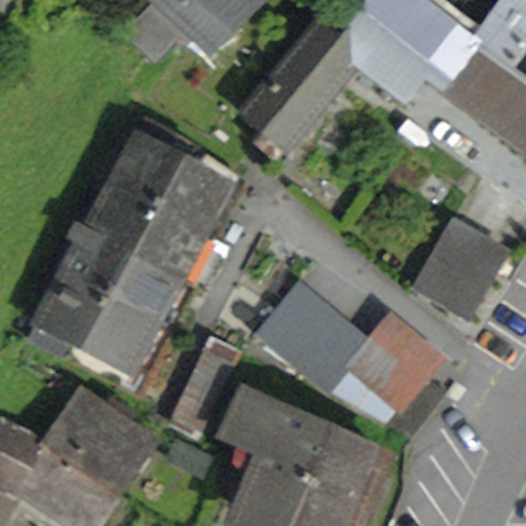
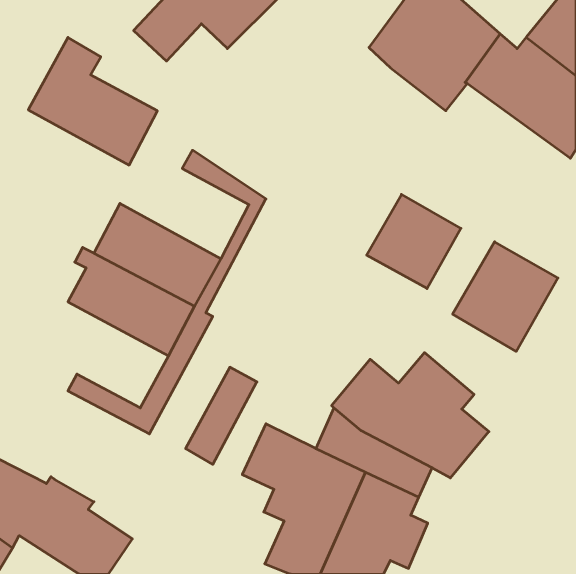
building: [242,26,354,159] -> none
building: [109,119,226,235] -> [28,37,157,165]
building: none -> [367,194,461,289]
building: [28,274,153,371] -> none
building: [253,280,369,371] -> none
building: [49,391,152,490] -> none

